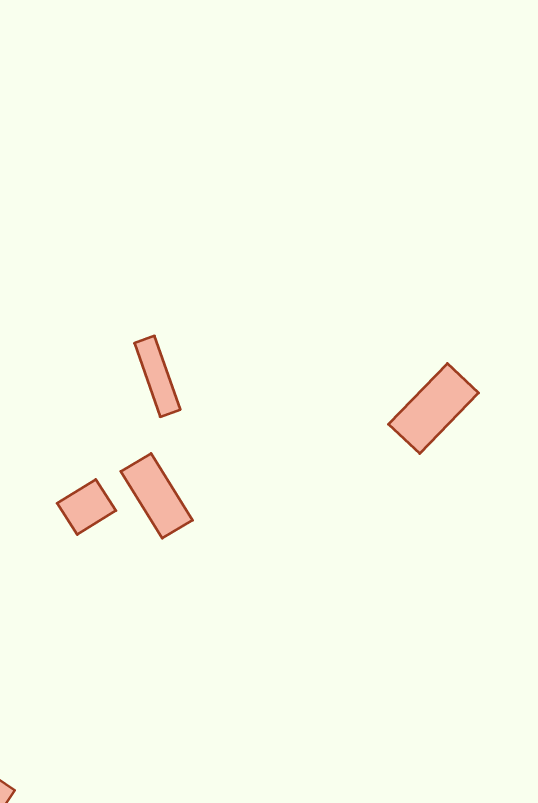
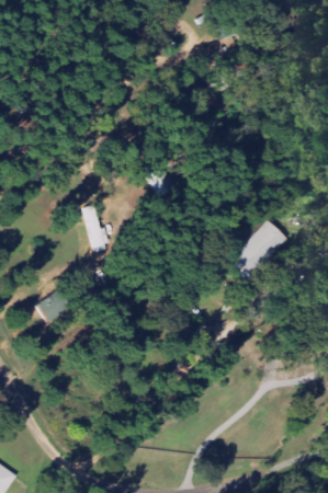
building: [121,453,193,538] -> none

